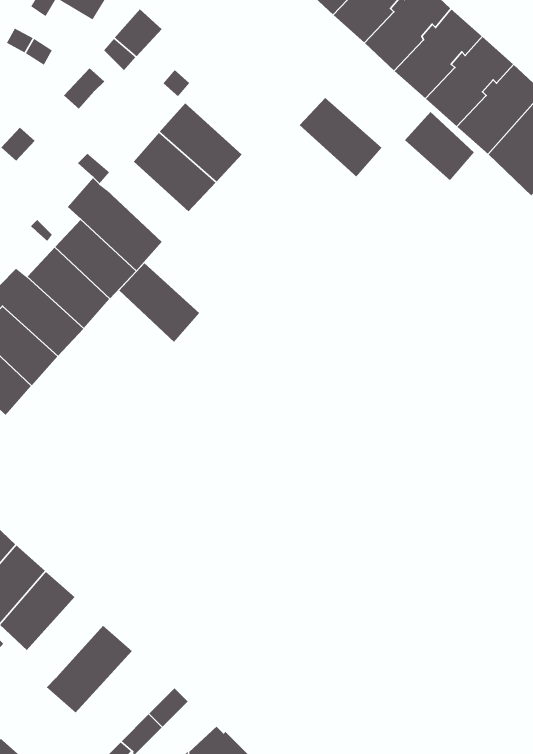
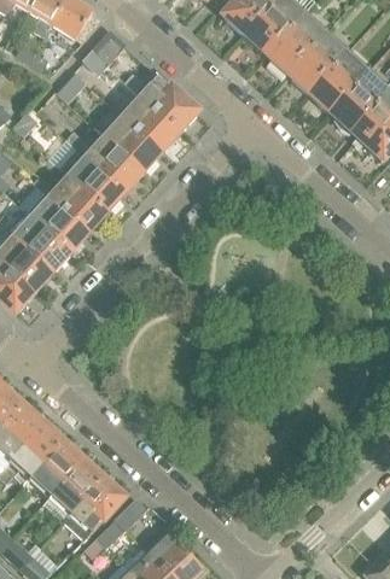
building: [299,97,383,177] -> [140,76,198,131]
building: [404,111,475,181] -> none
building: [118,263,200,343] -> [86,136,142,192]
building: none -> [30,438,83,493]
building: none -> [64,475,124,538]

